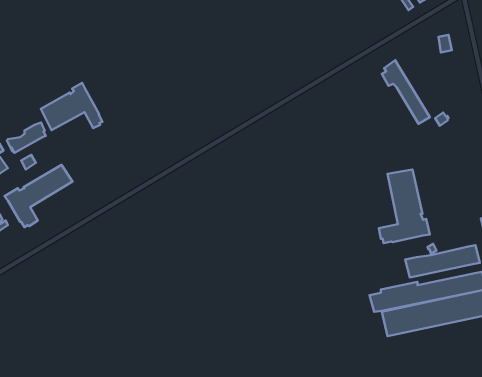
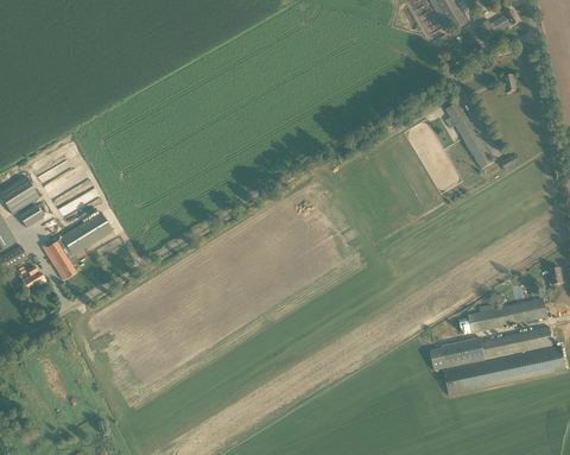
building: [41,83,102,130] -> none
building: [379,169,430,243] -> none

